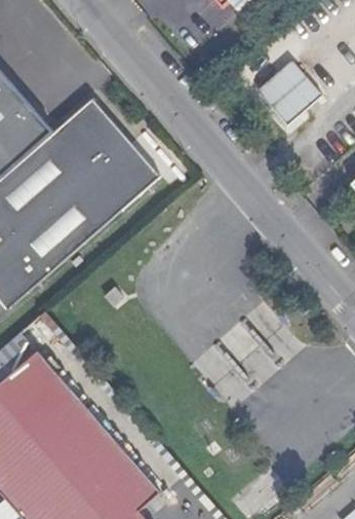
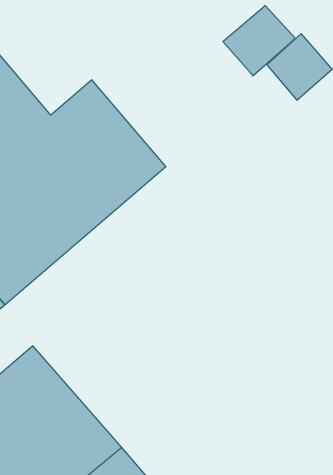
building: none -> [223,5,296,76]

